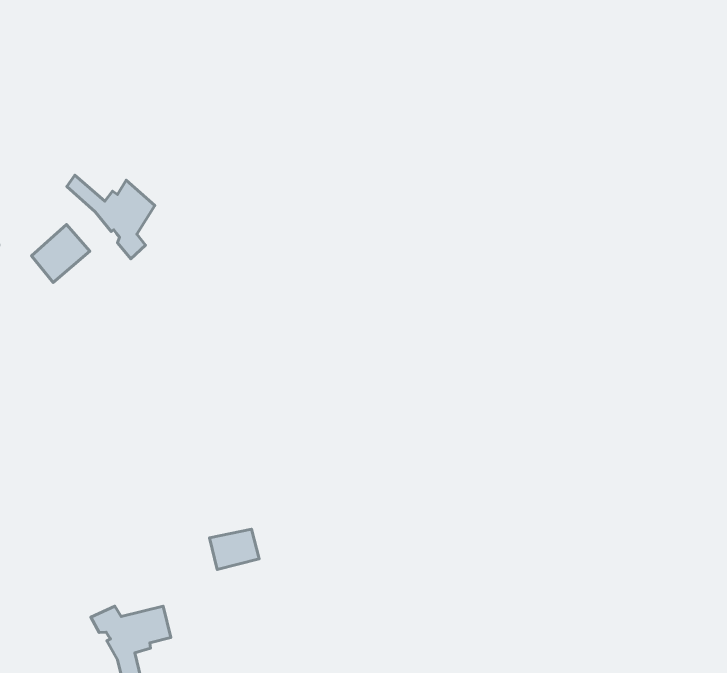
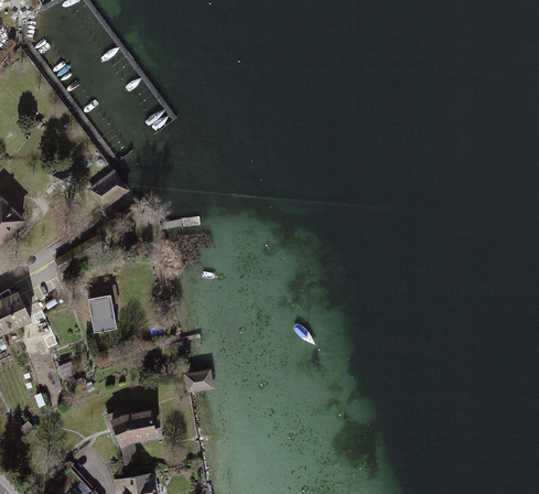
building: [67,175,155,259] -> none
building: none -> [87,288,117,333]

